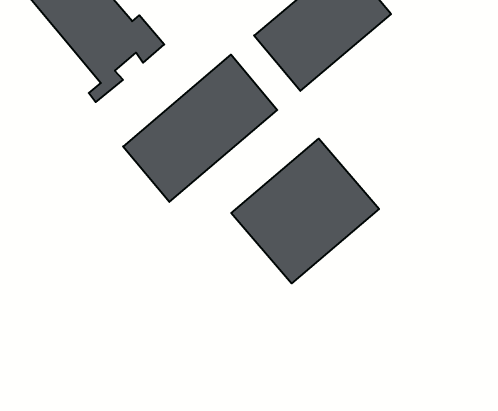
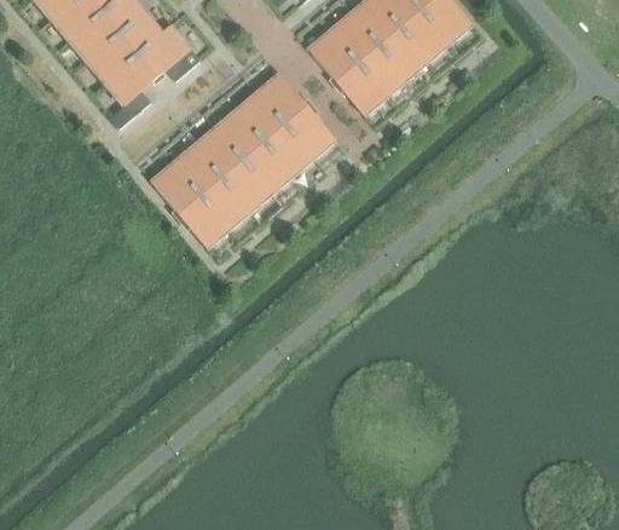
building: [231,139,379,283] -> none

